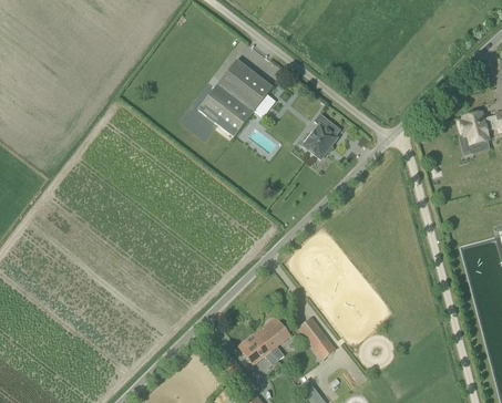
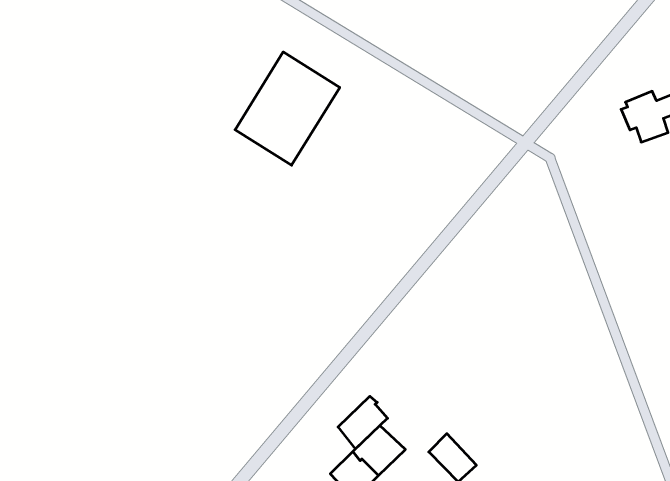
building: [303,113,337,158] -> none
building: none -> [338,396,388,449]

